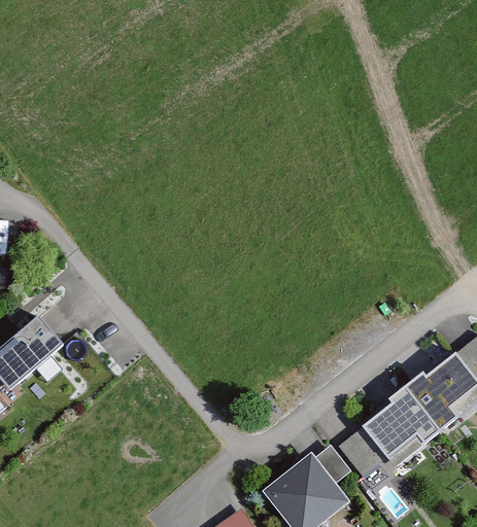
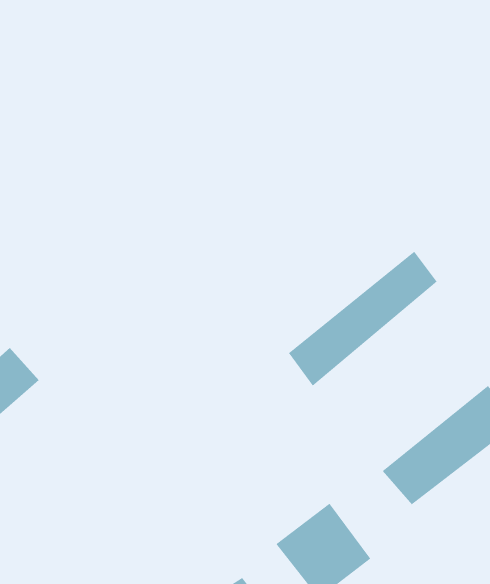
building: none -> [288,251,437,386]

